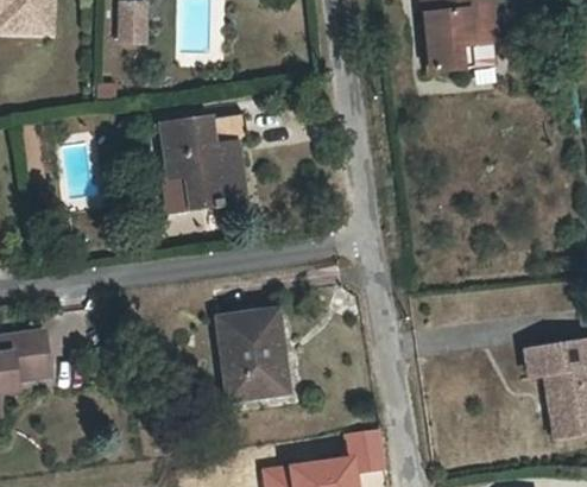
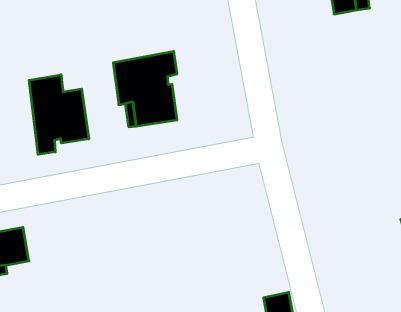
building: none -> [29,75,89,154]
building: [215,309,282,393] -> none

